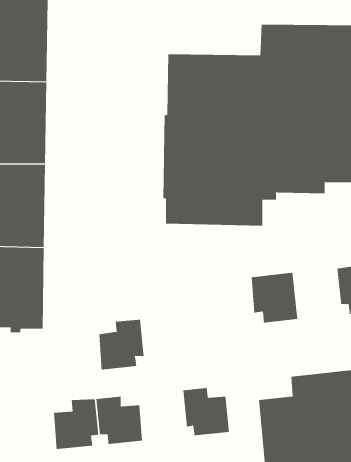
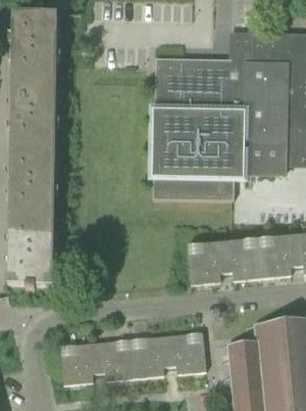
building: none -> [257,235,296,277]
building: none -> [186,242,224,284]
building: [99,319,144,370] -> [132,335,169,377]

